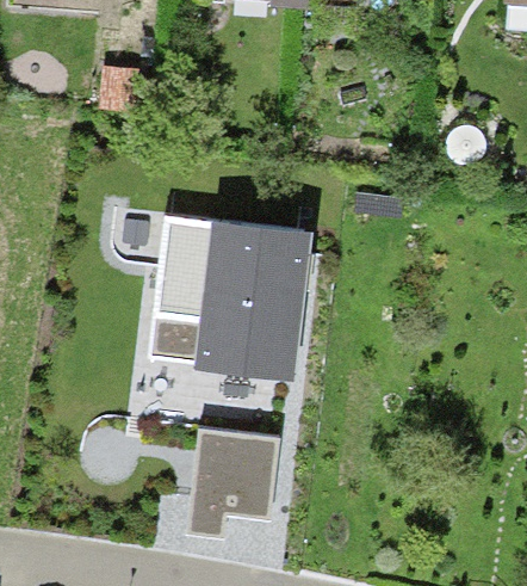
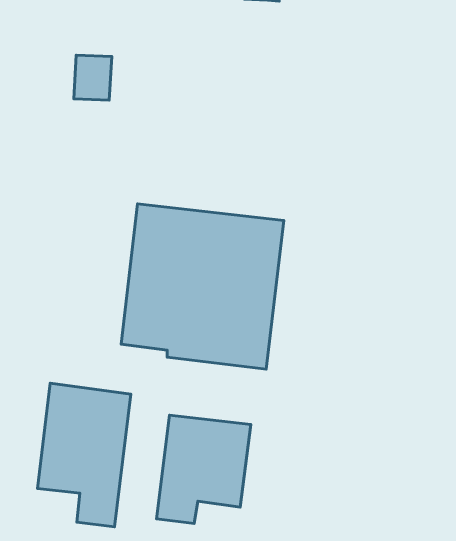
building: none -> [37,383,131,527]

